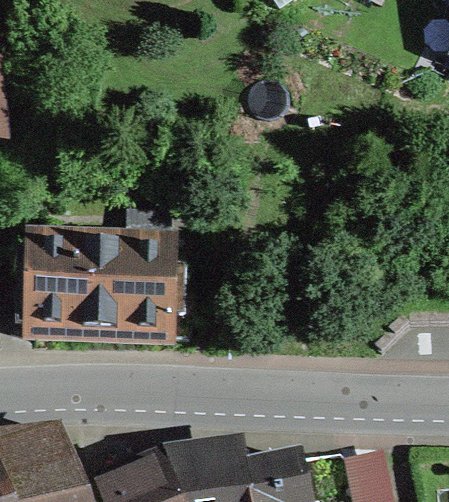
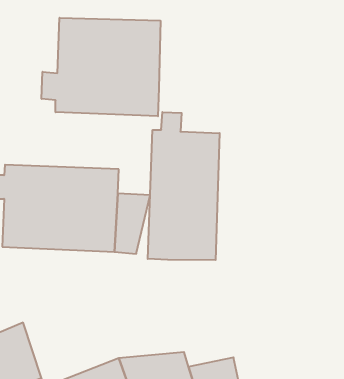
building: none -> [42,18,160,116]
building: none -> [148,112,220,260]

